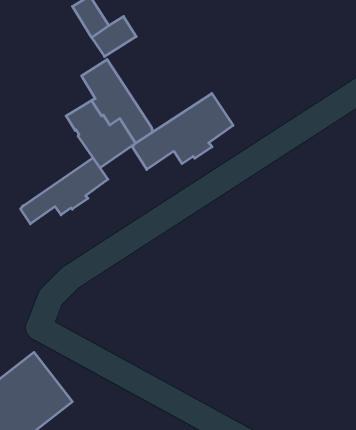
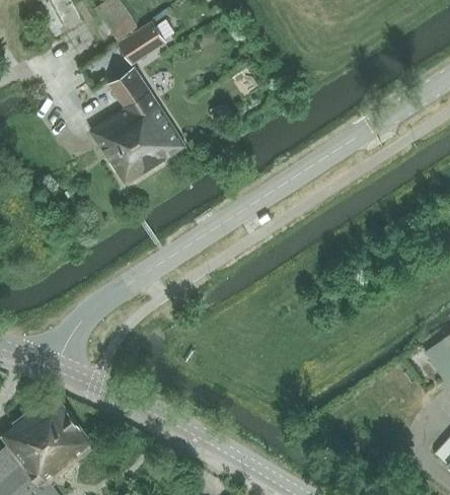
building: [133,93,233,170] -> none
building: [21,158,108,224] -> none

